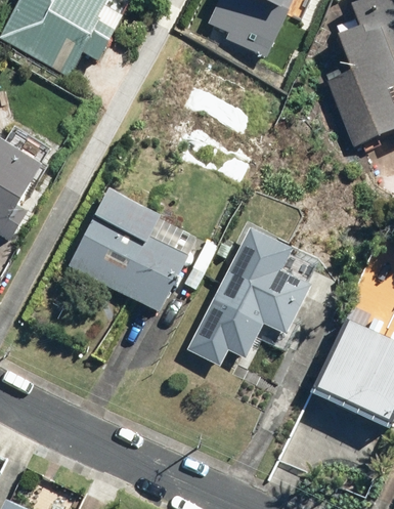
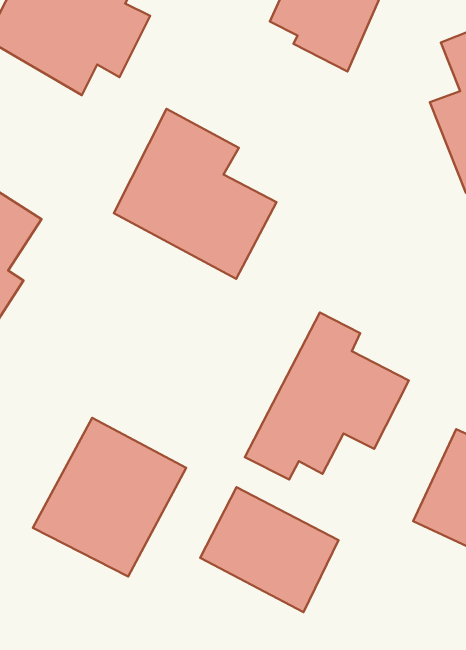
building: [69,186,188,311] -> [114,109,277,279]
building: none -> [33,418,186,576]
building: none -> [200,487,339,612]

